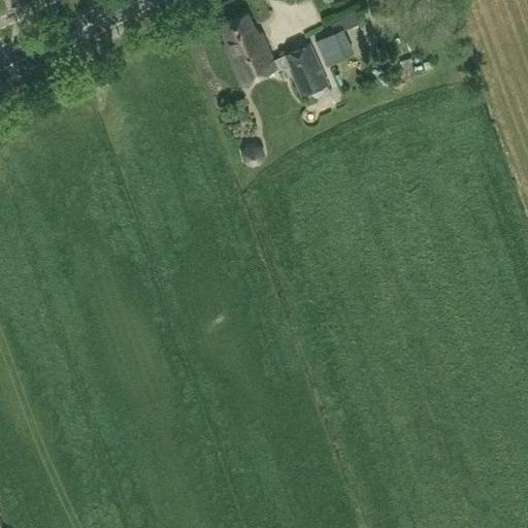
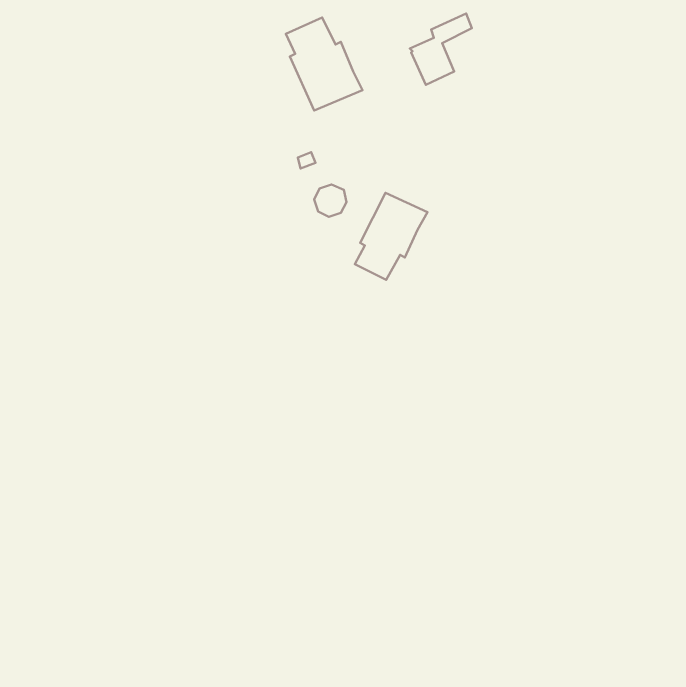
building: [276,44,329,96] -> none
building: none -> [355,193,427,280]

